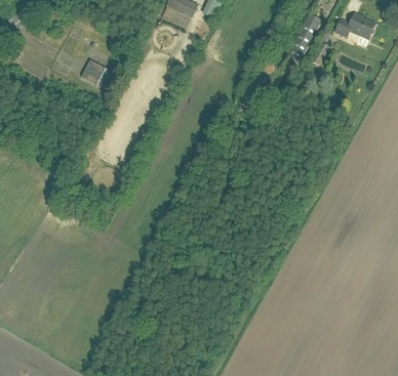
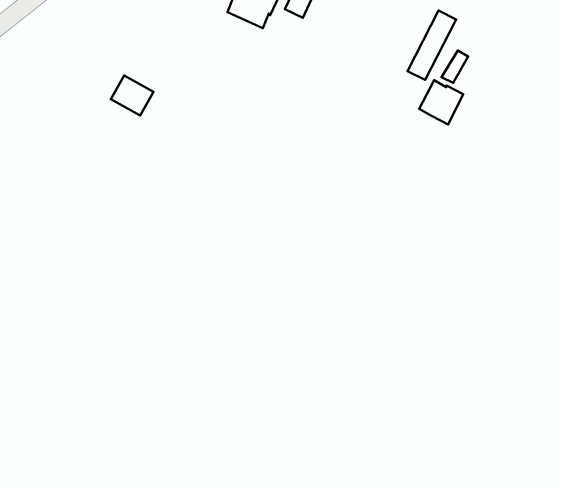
building: [334,12,374,44] -> none
building: none -> [419,80,463,125]

